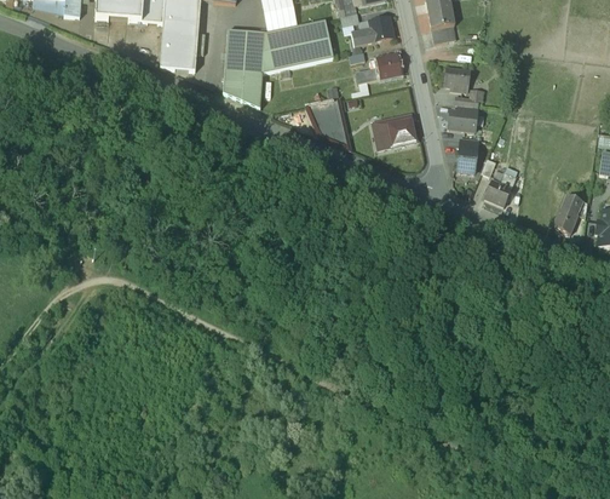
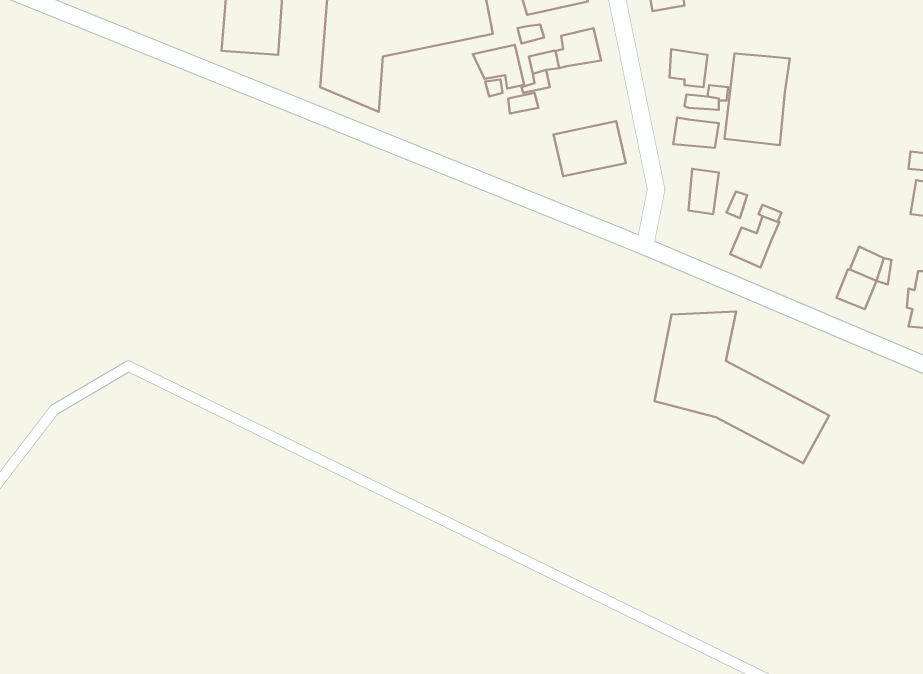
building: none -> [725,54,790,145]
building: [306,98,339,126] -> [473,45,524,88]
building: none -> [655,312,829,463]

